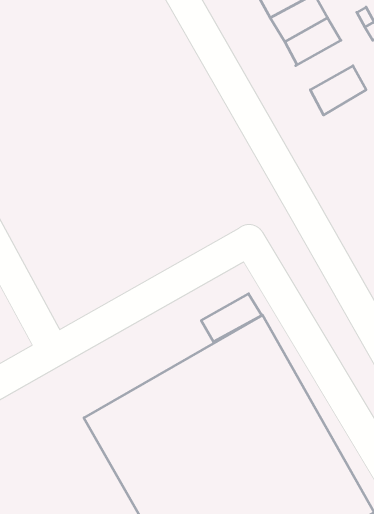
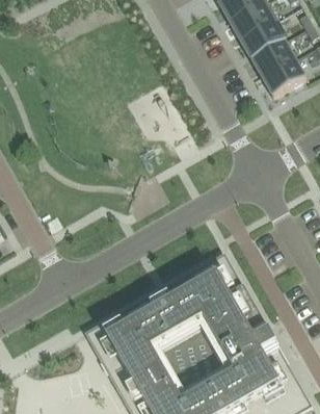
building: none -> [250,37,295,76]
building: [201,294,262,342] -> none

